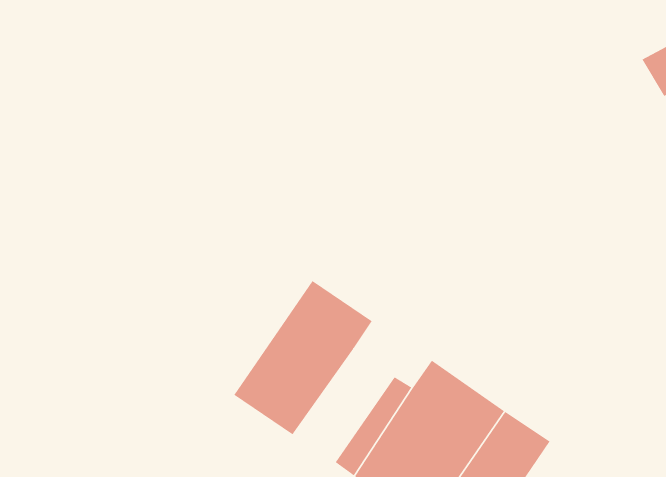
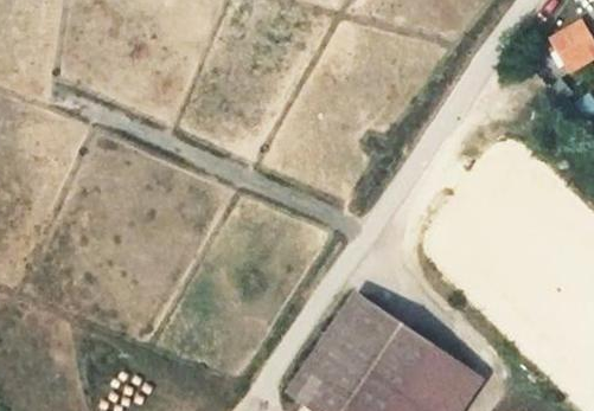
building: [234,280,373,435] -> none

